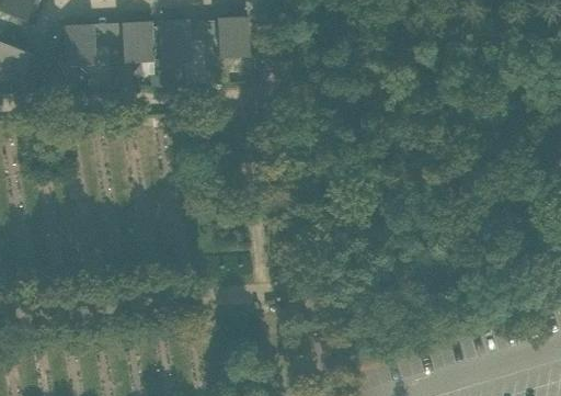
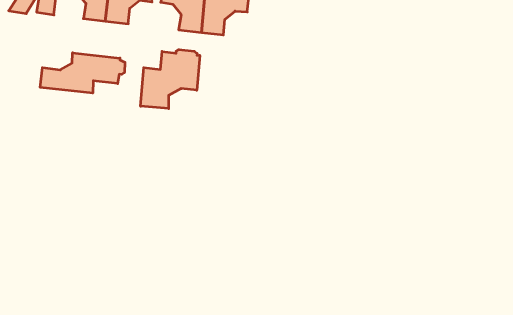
building: none -> [141,50,200,109]
building: none -> [40,53,125,93]

